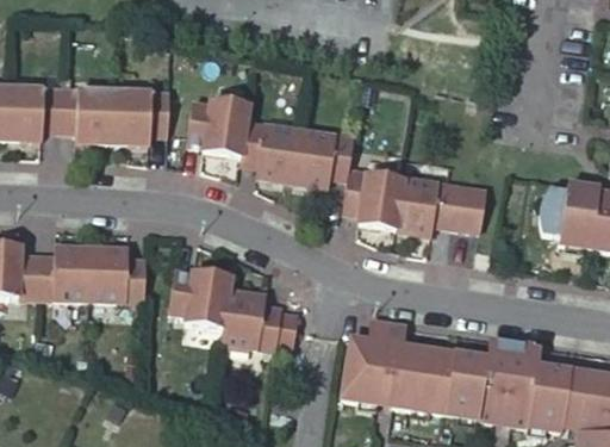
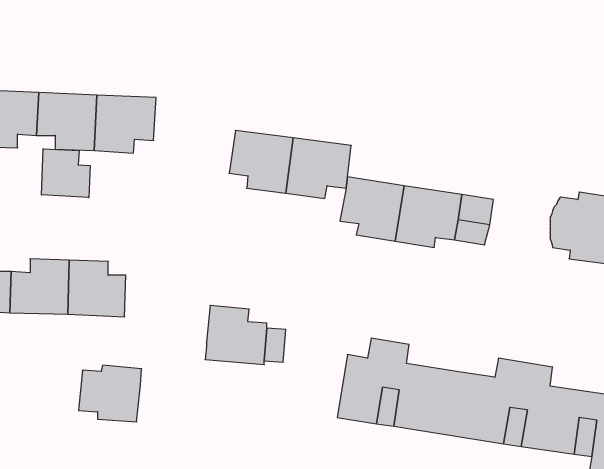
building: [187,101,249,159] -> none
building: none -> [42,149,90,198]
building: [164,271,224,324] -> [79,365,142,422]

